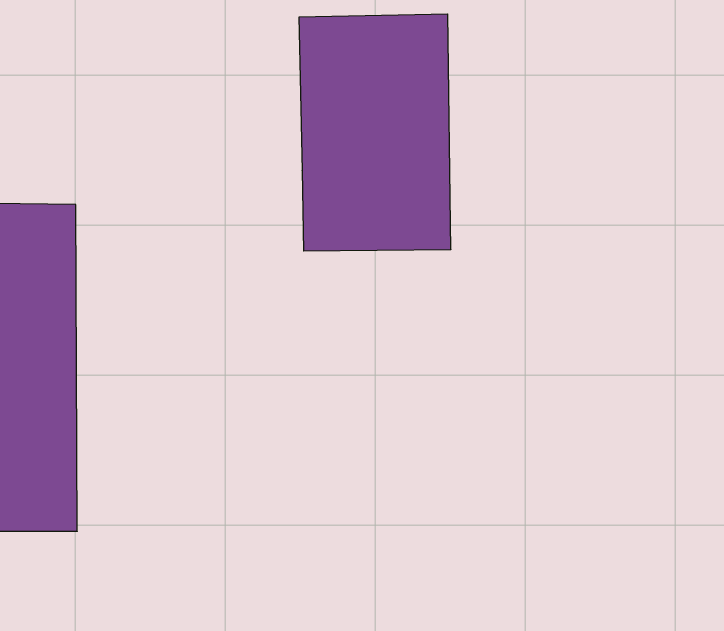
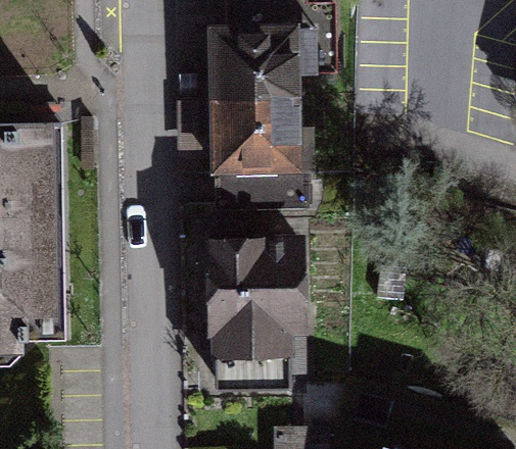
building: none -> [208,243,304,357]

